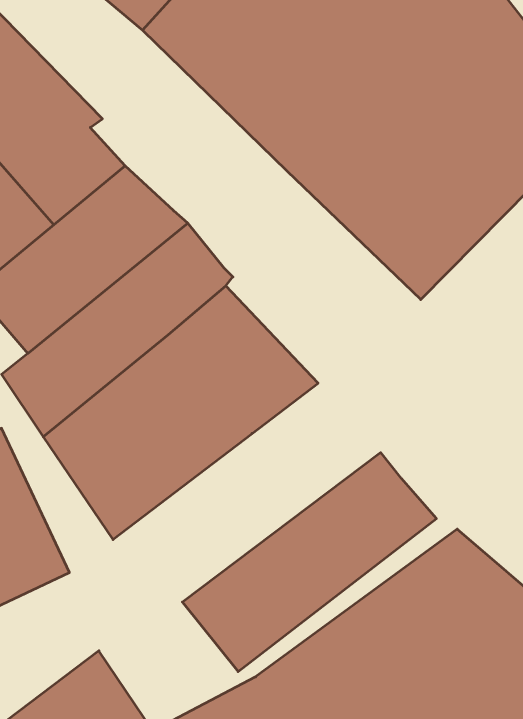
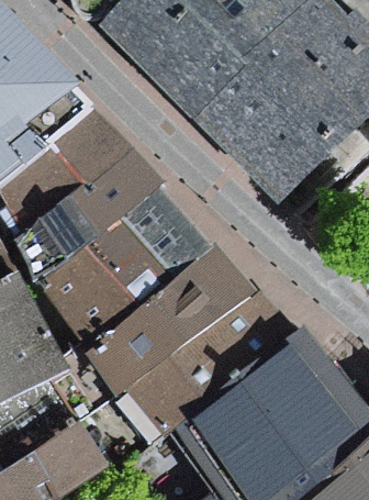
building: none -> [85,248,254,396]

